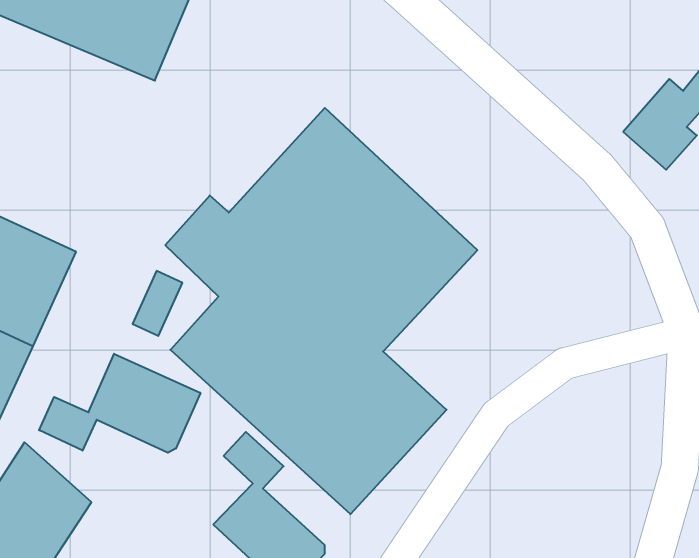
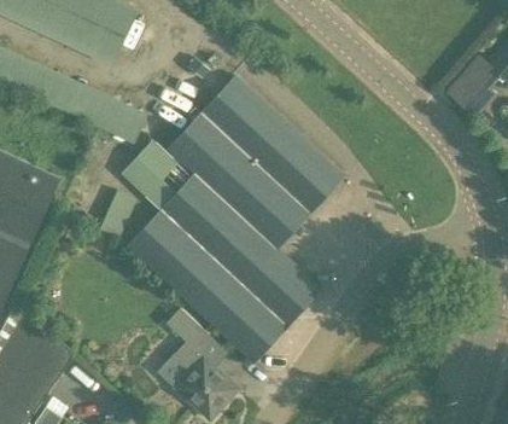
building: [39,354,200,453] -> none

